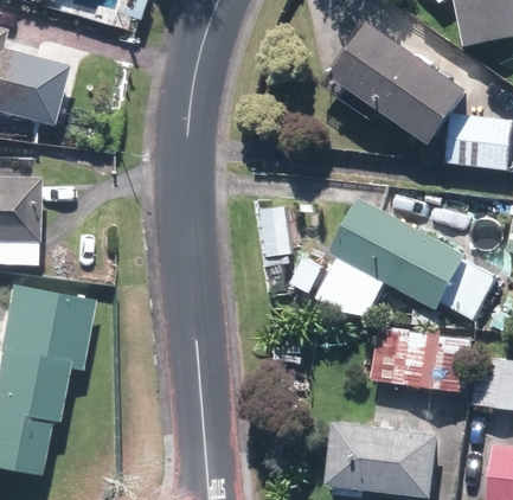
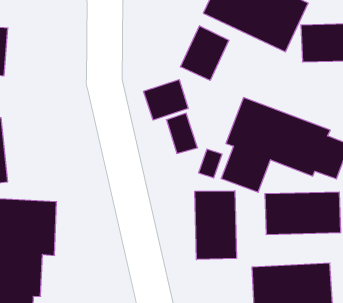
building: none -> [180,26,229,80]
building: none -> [144,80,188,120]
building: none -> [195,191,236,260]

